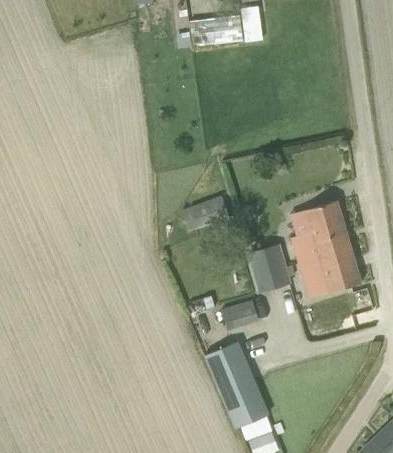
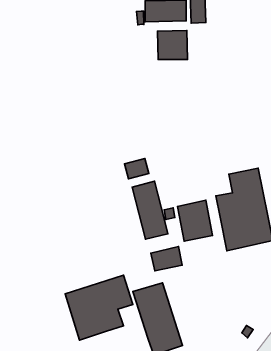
building: none -> [158,30,188,59]
building: none -> [132,181,168,239]
building: none -> [65,275,133,340]

